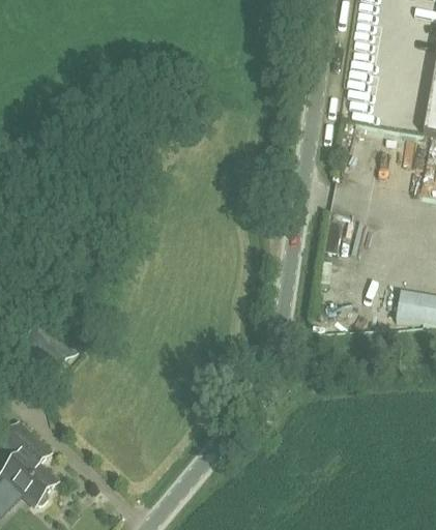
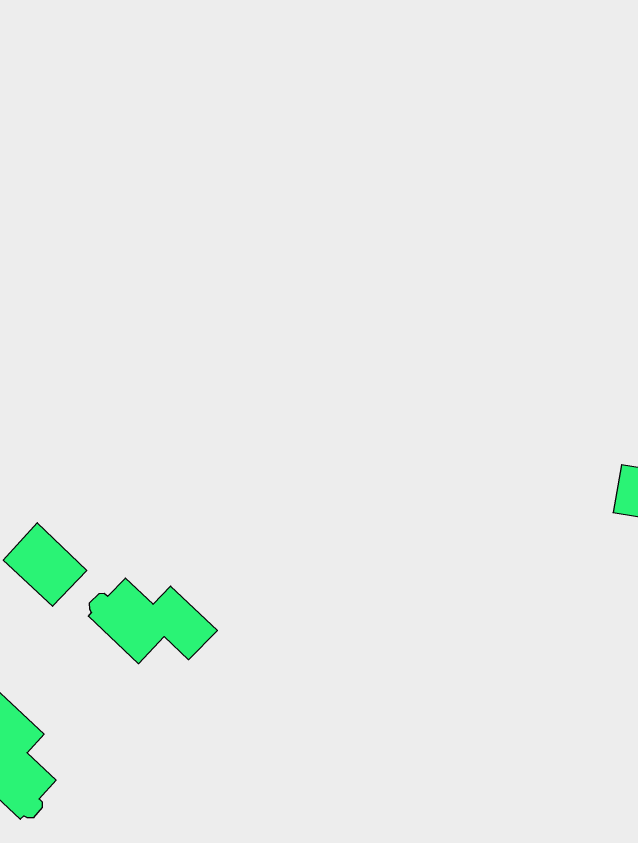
building: none -> [88,578,217,664]

